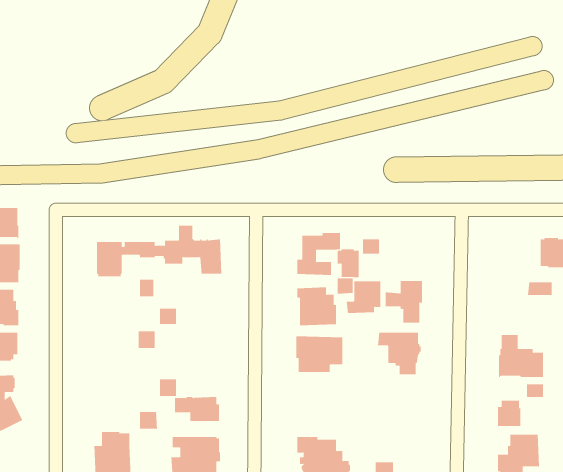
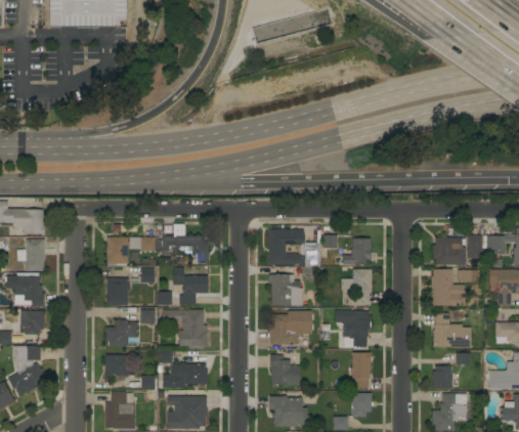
building: none -> [433,237,466,265]
building: none -> [171,267,208,305]
building: none -> [431,269,465,306]
building: [346,281,381,314] -> [342,239,371,265]
building: none -> [106,278,129,305]
building: none -> [163,310,207,347]
building: none -> [105,319,137,347]
building: none -> [351,352,371,388]
building: none -> [104,355,132,376]
building: none -> [269,355,299,387]
building: none -> [351,393,373,417]

